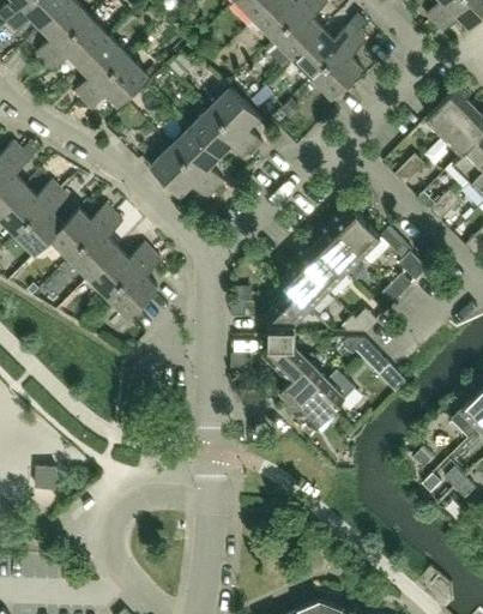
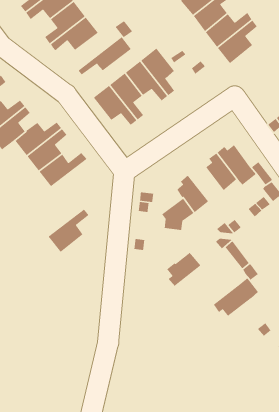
building: none -> [77,36,132,76]
building: [294,243,345,290] -> none
building: [108,252,162,317] -> [48,208,89,253]
building: [264,335,309,380] -> none
building: [294,369,355,427] -> [213,277,259,317]

